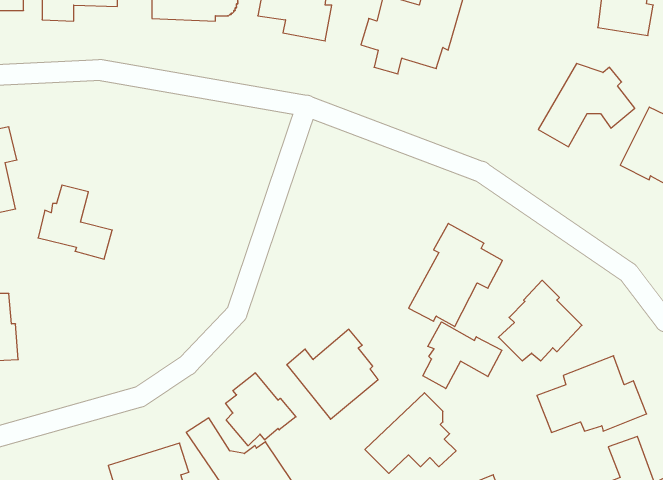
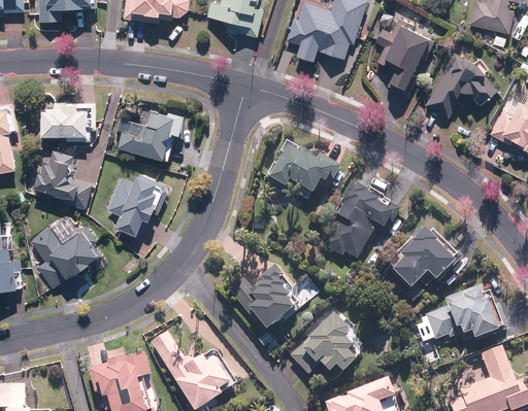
building: none -> [373,16,436,96]
building: none -> [39,103,95,139]
building: none -> [119,108,186,158]
building: none -> [266,138,337,193]
building: none -> [107,172,165,236]
building: none -> [32,225,101,287]
building: [423,322,502,389] -> none
building: [226,373,296,446] -> none

